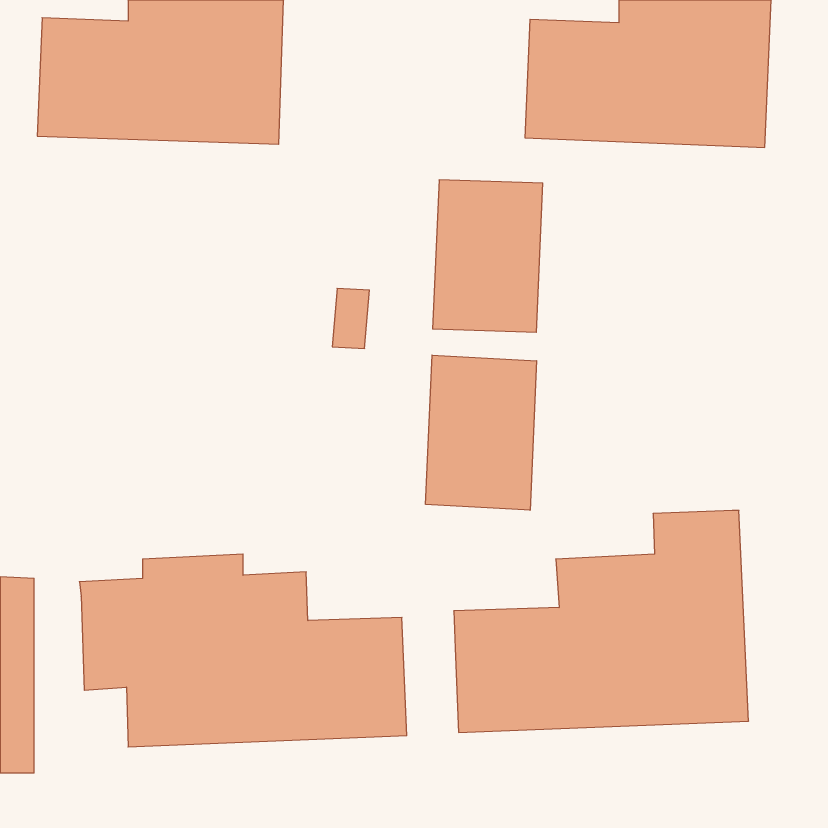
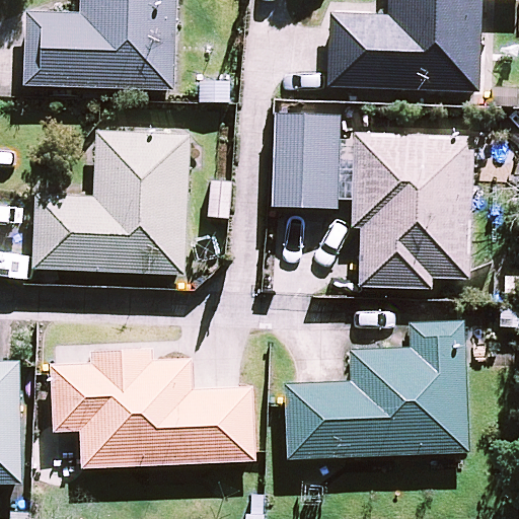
building: none -> [33,131,191,274]
building: none -> [353,131,474,289]
building: [426,355,537,510] -> none

